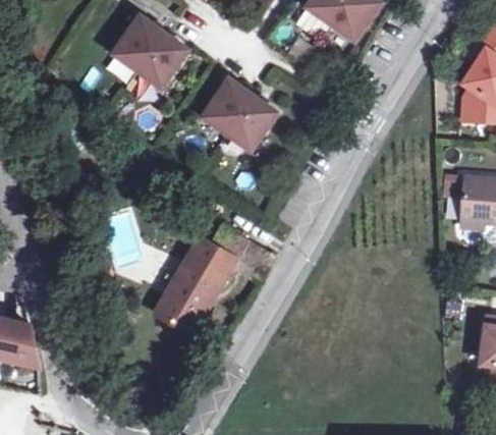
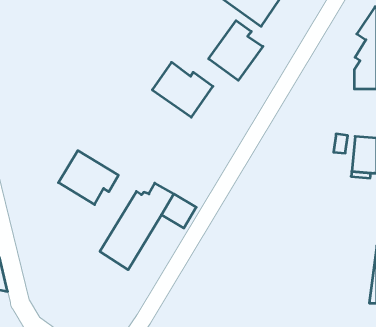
building: [126,20,197,91] -> none
building: none -> [209,21,263,80]
building: none -> [58,151,118,205]

